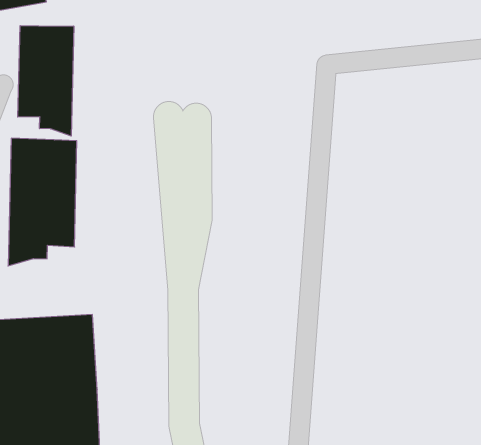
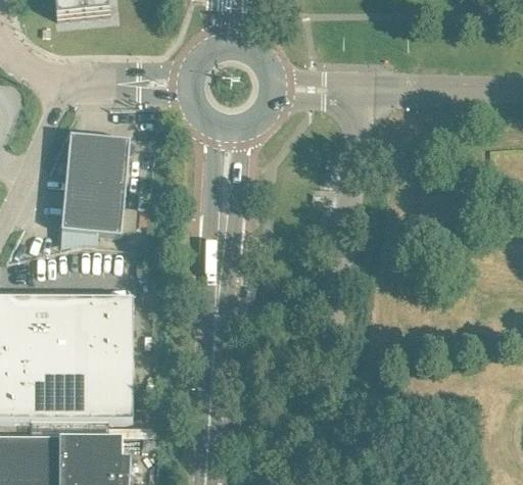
building: [18,26,74,136] -> none

